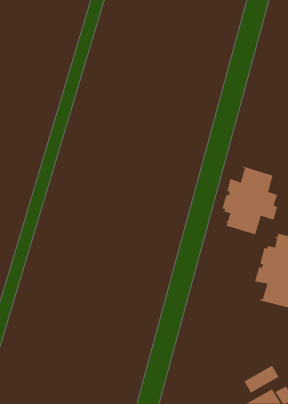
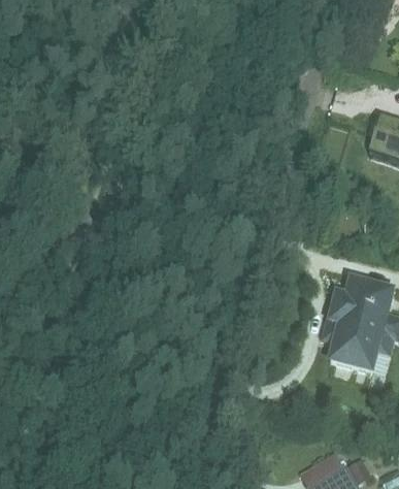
building: [222,166,278,235] -> none

